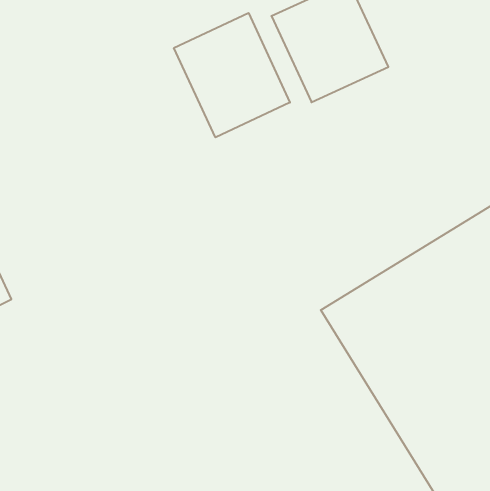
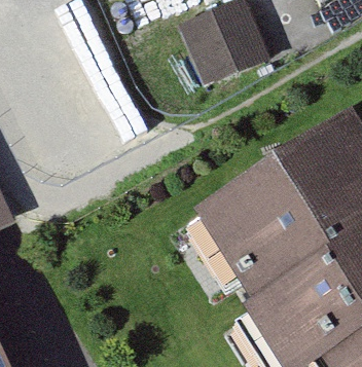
building: [174,13,290,137] -> none

